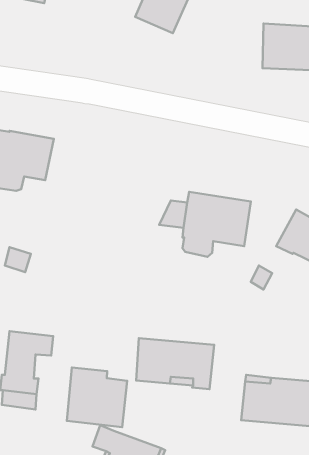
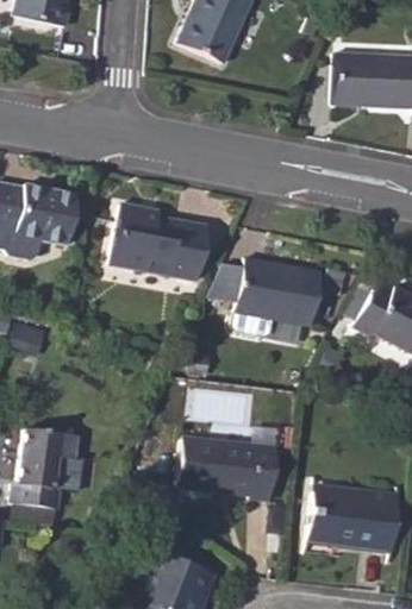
building: none -> [111,201,210,280]
building: [67,367,127,427] -> none

